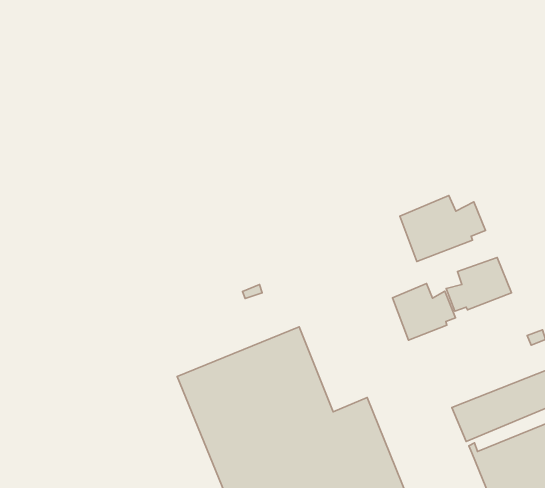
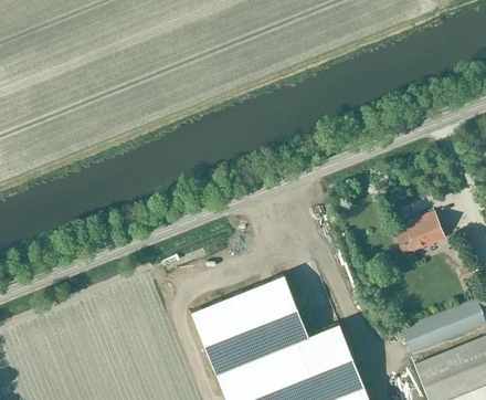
building: [400,196,485,262] -> none
building: [393,284,455,340] -> none

